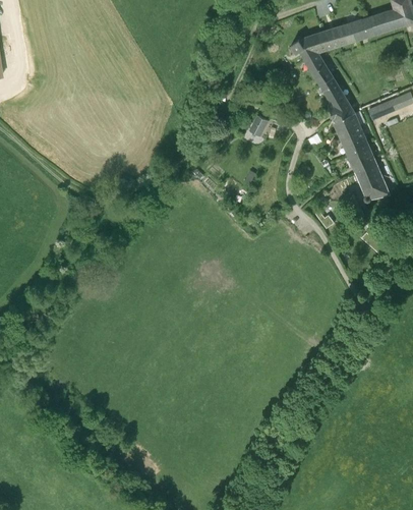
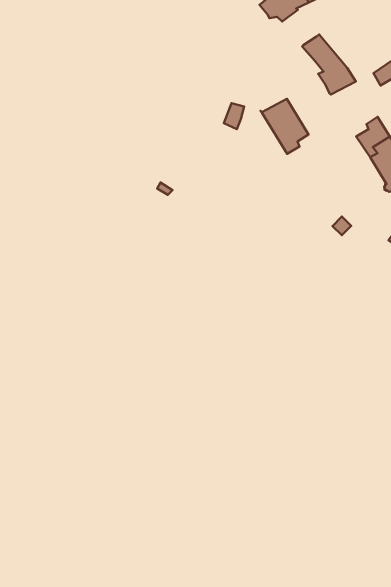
building: [305,53,332,81] -> none
building: [333,114,366,156] -> [260,99,308,154]

